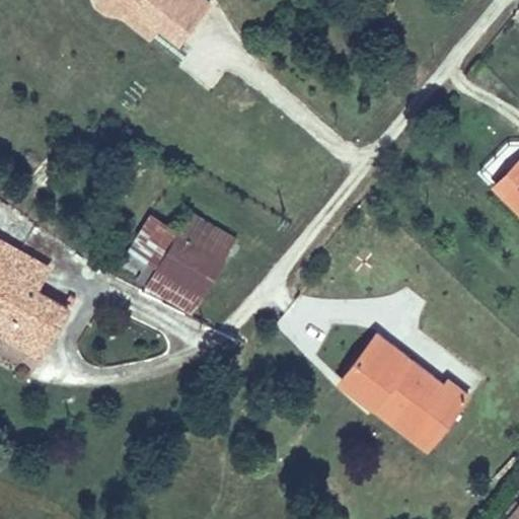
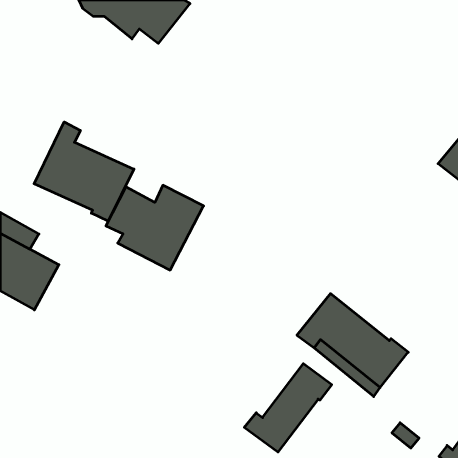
building: none -> [34,122,134,221]
building: none -> [244,364,332,452]

